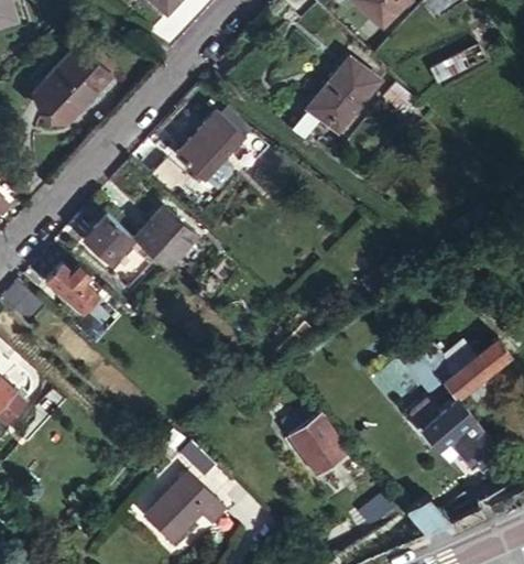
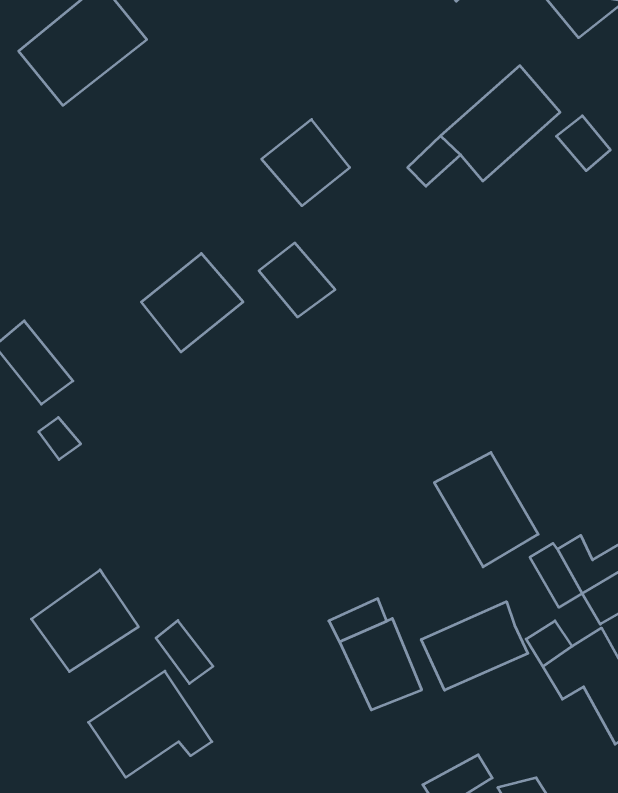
building: [176,140,226,186] -> [259,243,335,317]
building: [84,217,134,267] -> none
building: none -> [434,452,538,567]
building: none -> [421,602,528,690]
building: none -> [31,570,138,672]

